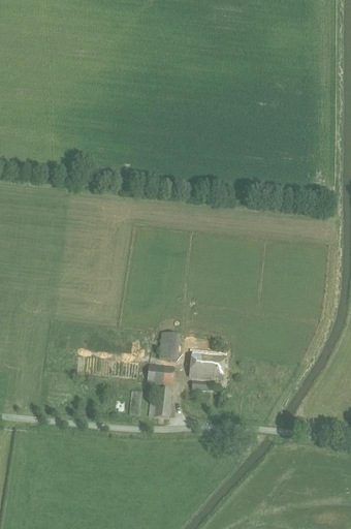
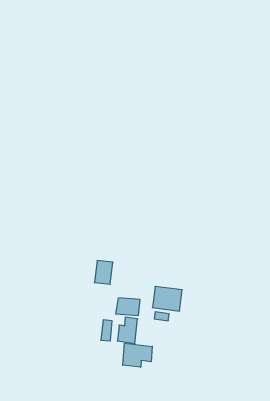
building: [158,333,180,361] -> [94,261,113,284]
building: none -> [123,343,152,367]

